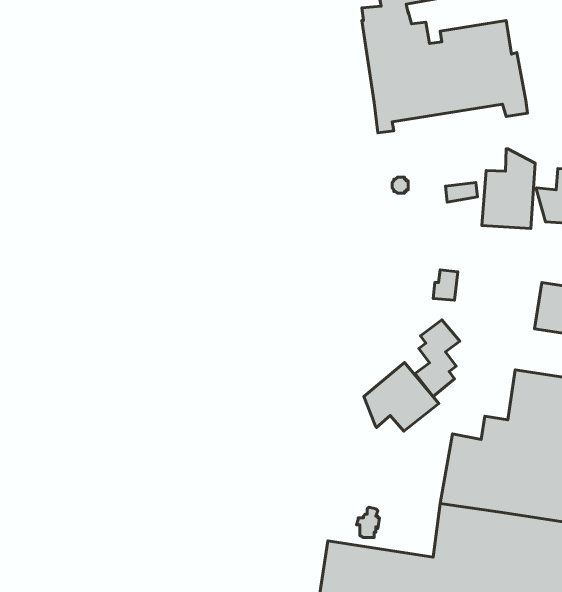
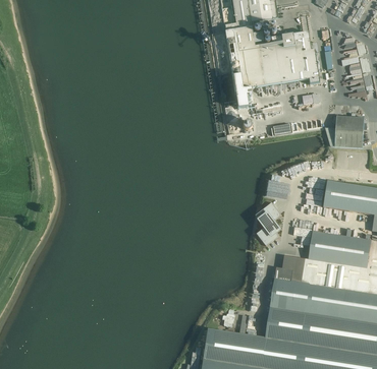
building: [482,149,535,228] -> none
building: [364,363,439,431] -> none

